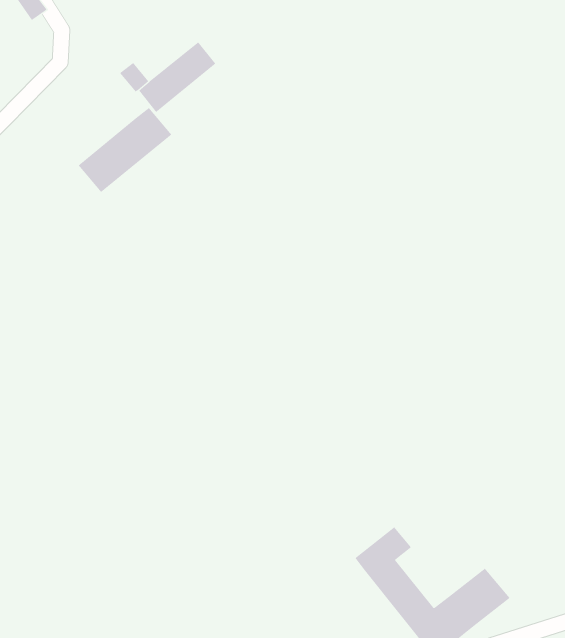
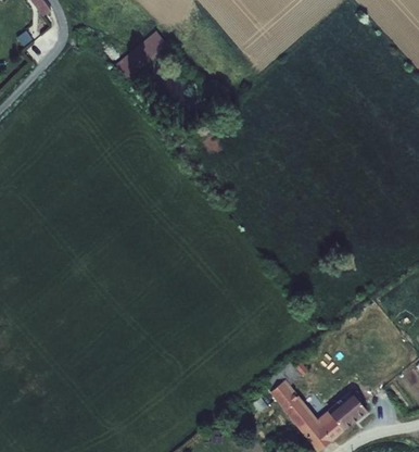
building: [78,107,172,193] -> none

